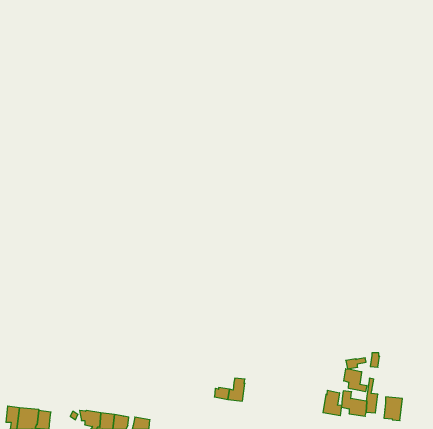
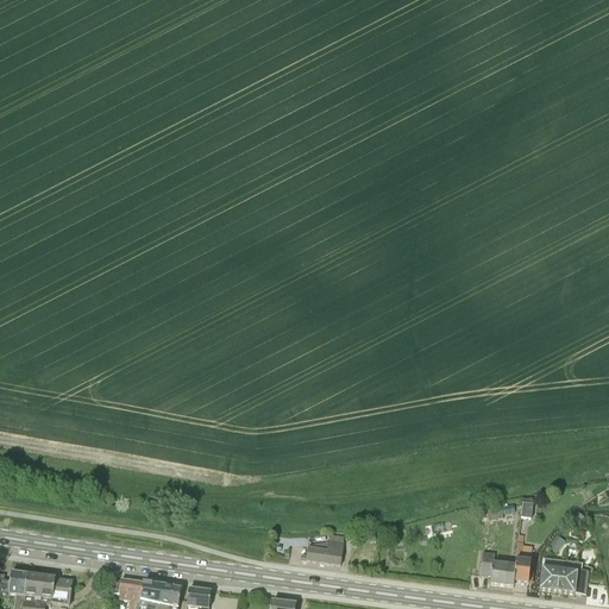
building: [344,369,367,392] -> none
building: [323,390,342,416] -> none
building: none -> [561,560,586,592]

